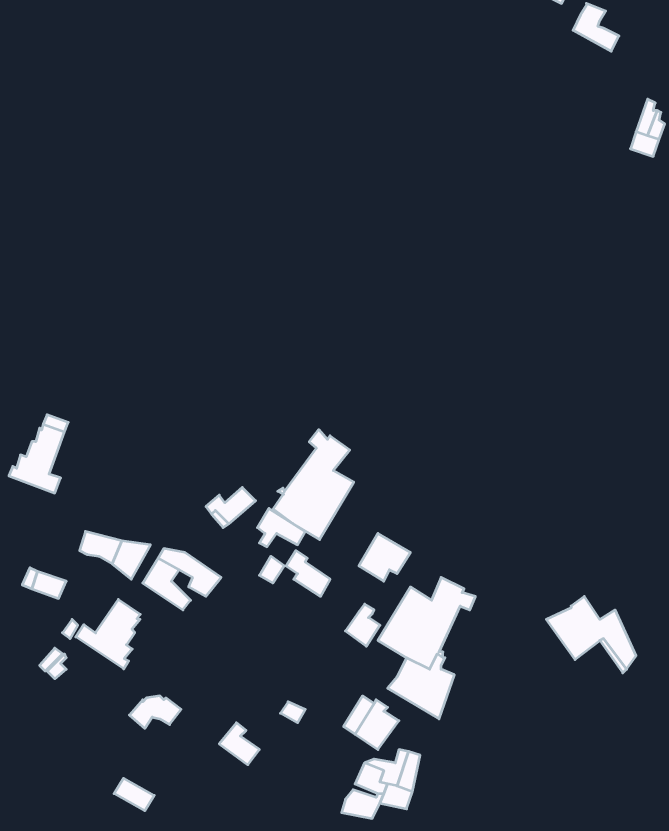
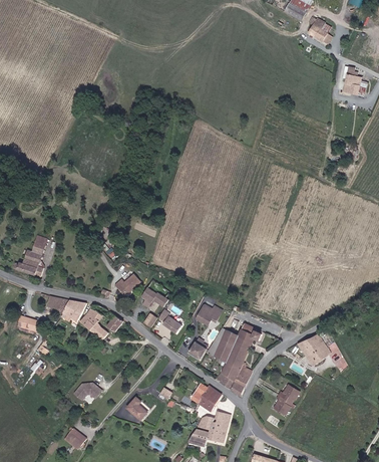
building: [273,430,354,540] -> none
building: [76,599,140,669] -> none
building: none -> [271,384,297,415]

